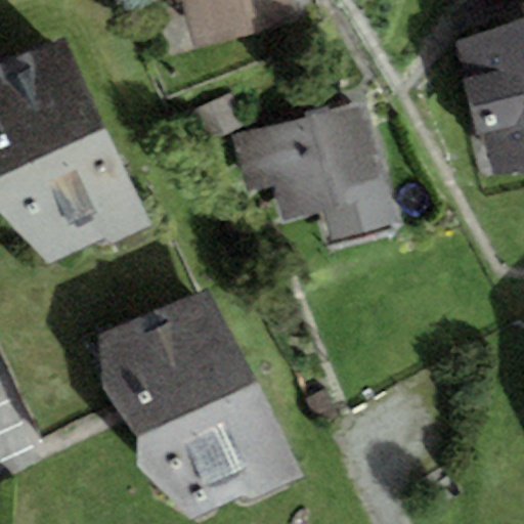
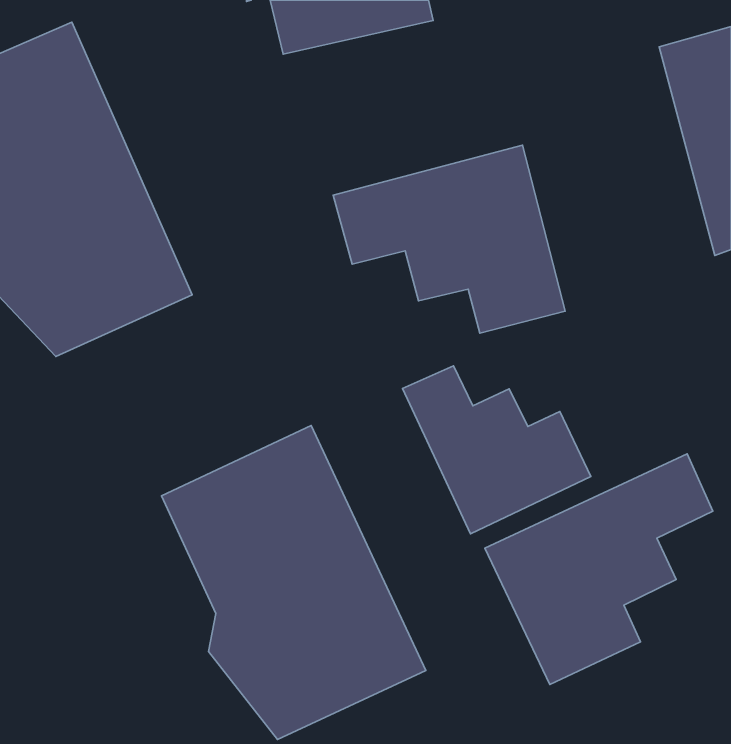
building: none -> [403,366,591,534]
building: none -> [485,454,713,684]

